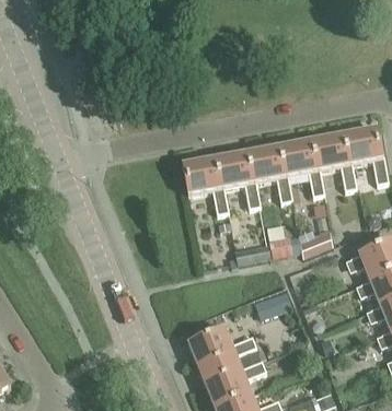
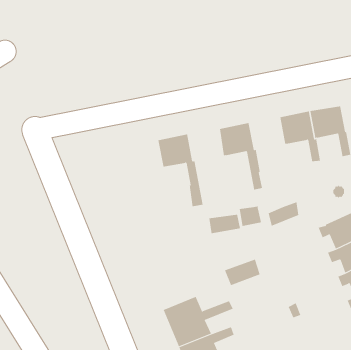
building: [279,141,323,195] -> none
building: [215,153,258,207] -> none

